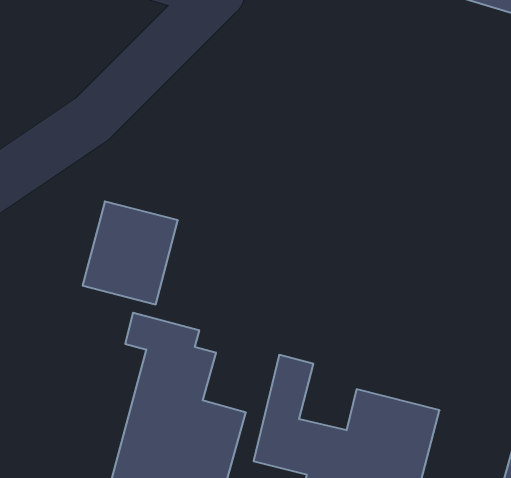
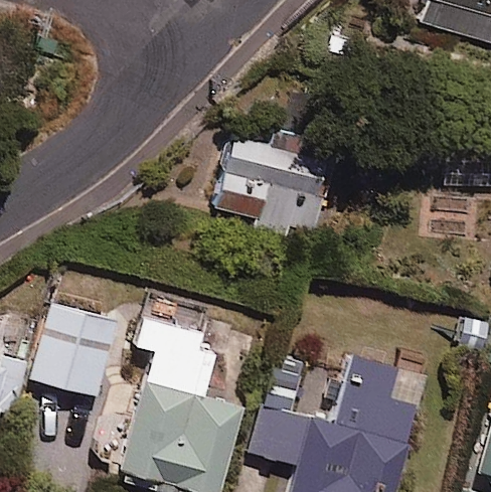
building: none -> [213,130,336,235]
building: [83,201,178,304] -> [30,303,117,396]

